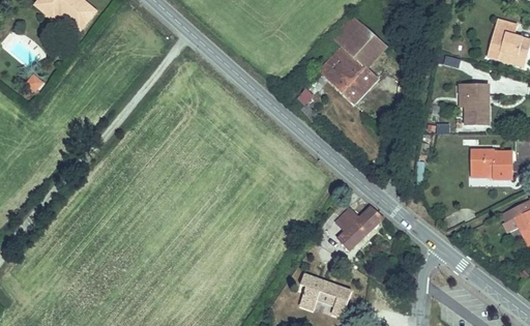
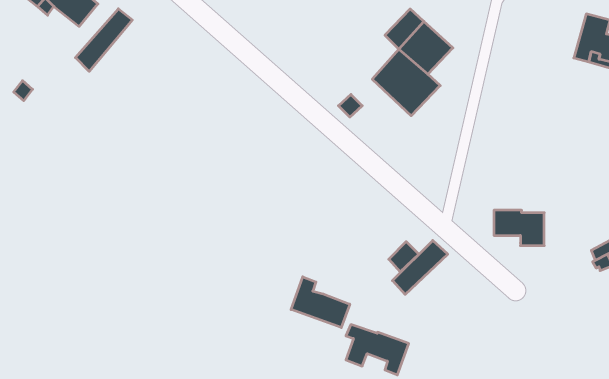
building: none -> [75,9,132,71]
building: [459,85,488,124] -> none
building: [470,150,511,179] -> [494,210,544,246]
building: none -> [291,277,350,328]

